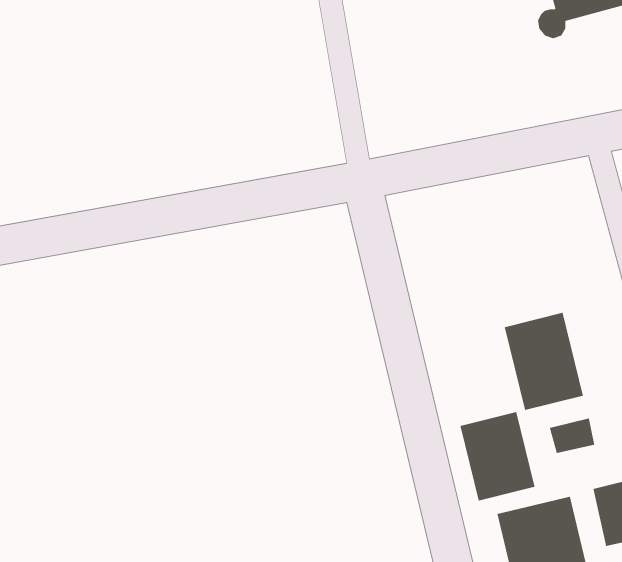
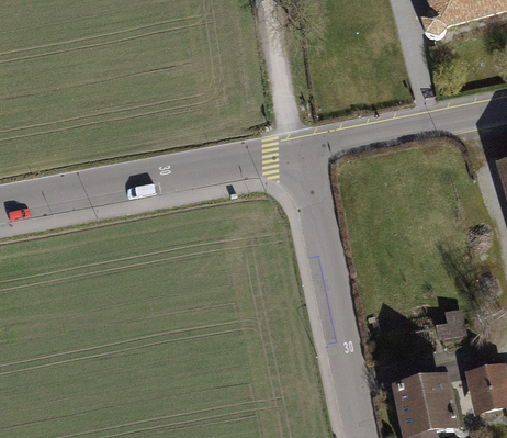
building: [504,312,584,411] -> none
building: [459,411,536,502] -> none

